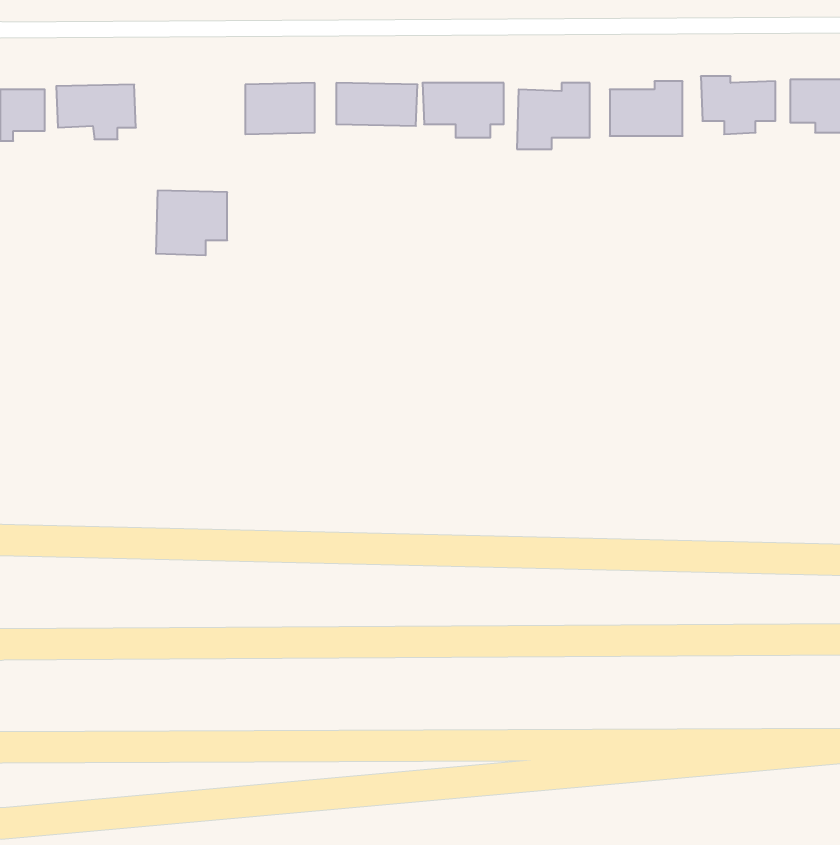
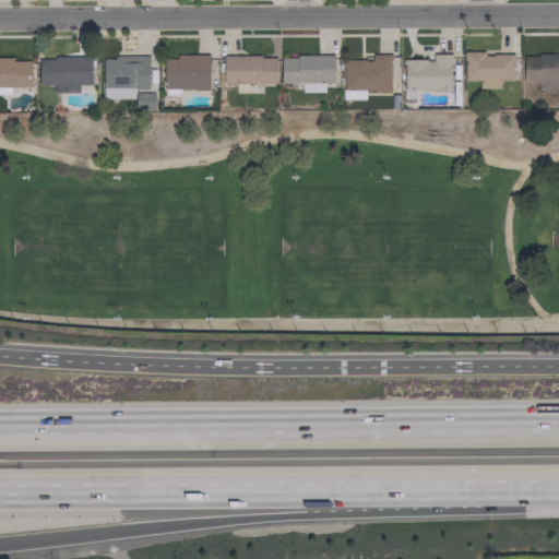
building: [156,191,227,255] -> [105,57,152,99]

